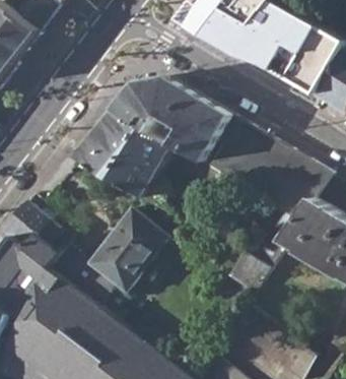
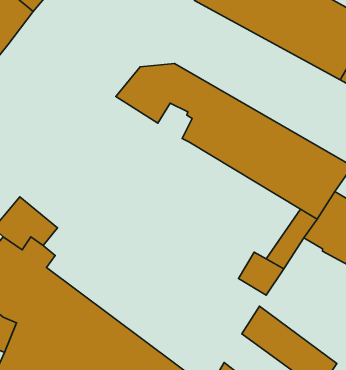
building: [72,110,177,196] -> none
building: [87,208,167,294] -> none

